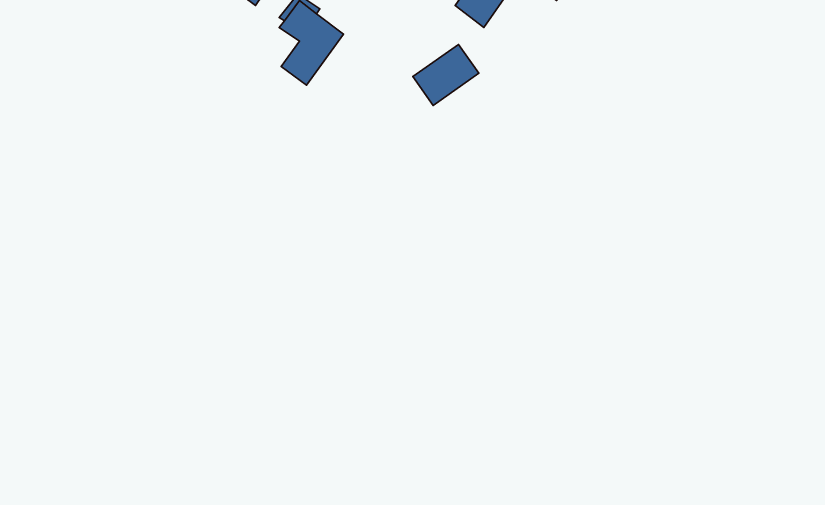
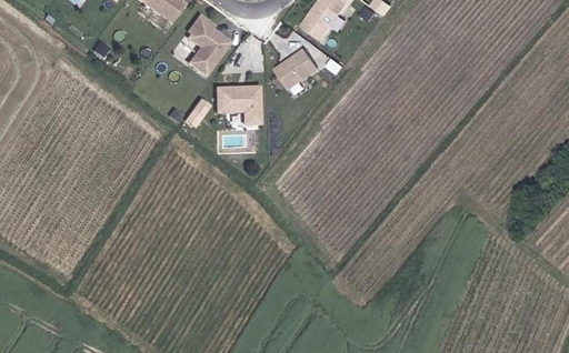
building: none -> [216,85,260,122]

